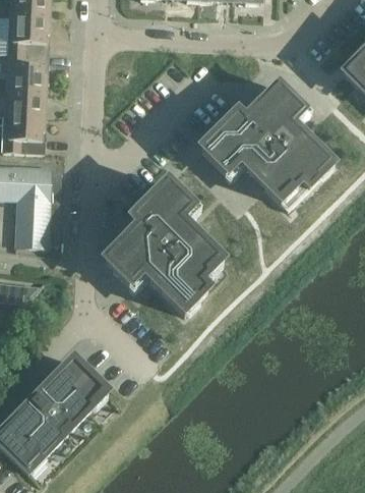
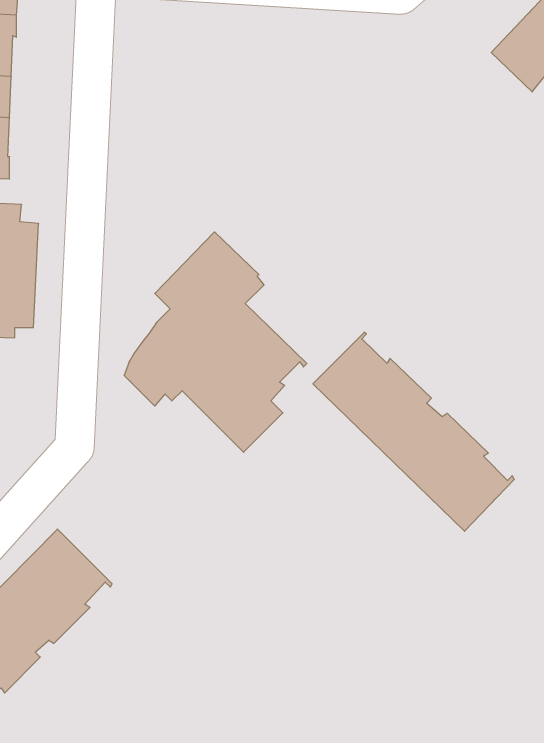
building: [200,85,331,209] -> none
building: none -> [313,332,514,531]

